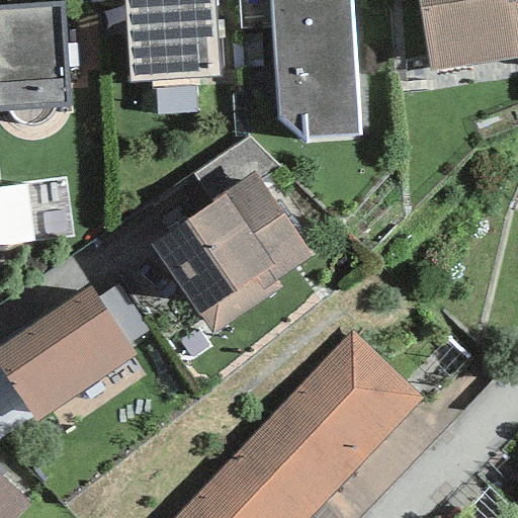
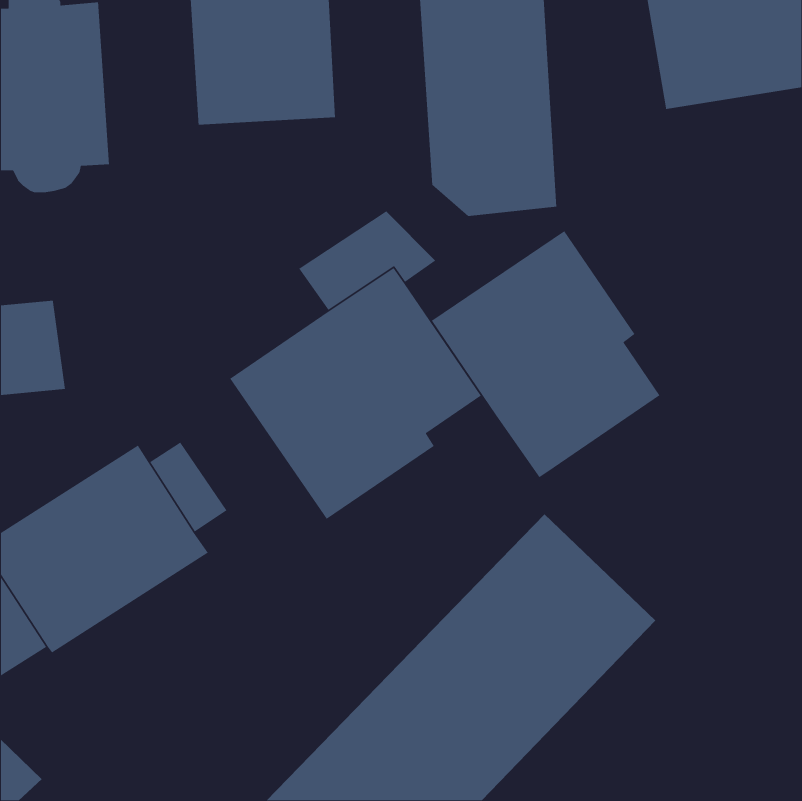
building: none -> [431,230,660,478]

